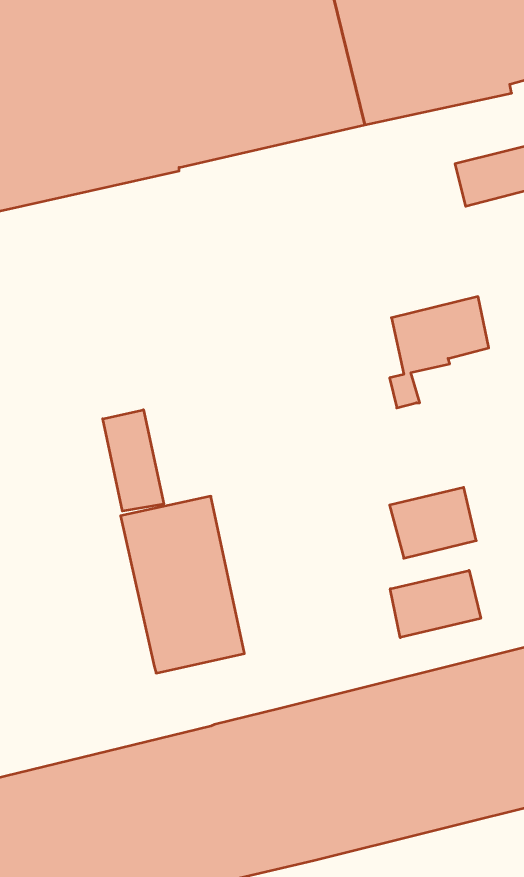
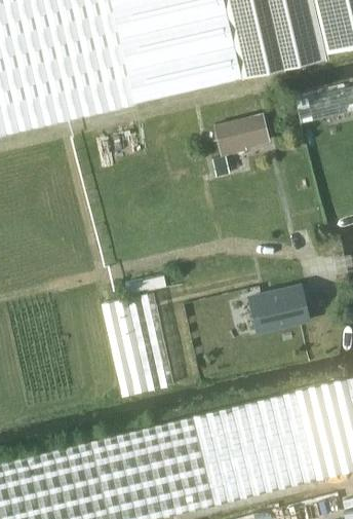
building: [390,297,489,408] -> [214,112,272,177]
building: [103,410,164,511] -> none
building: [390,570,481,638] -> none

